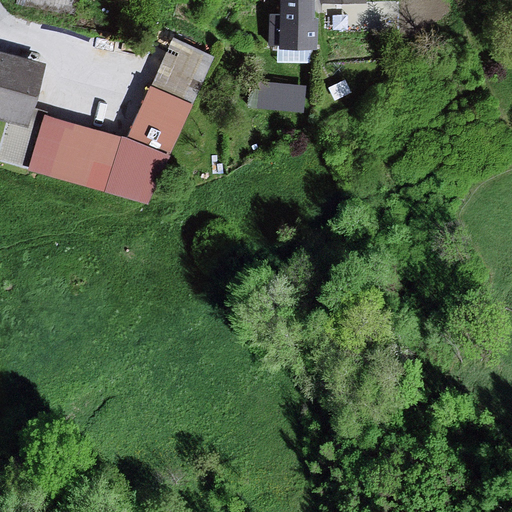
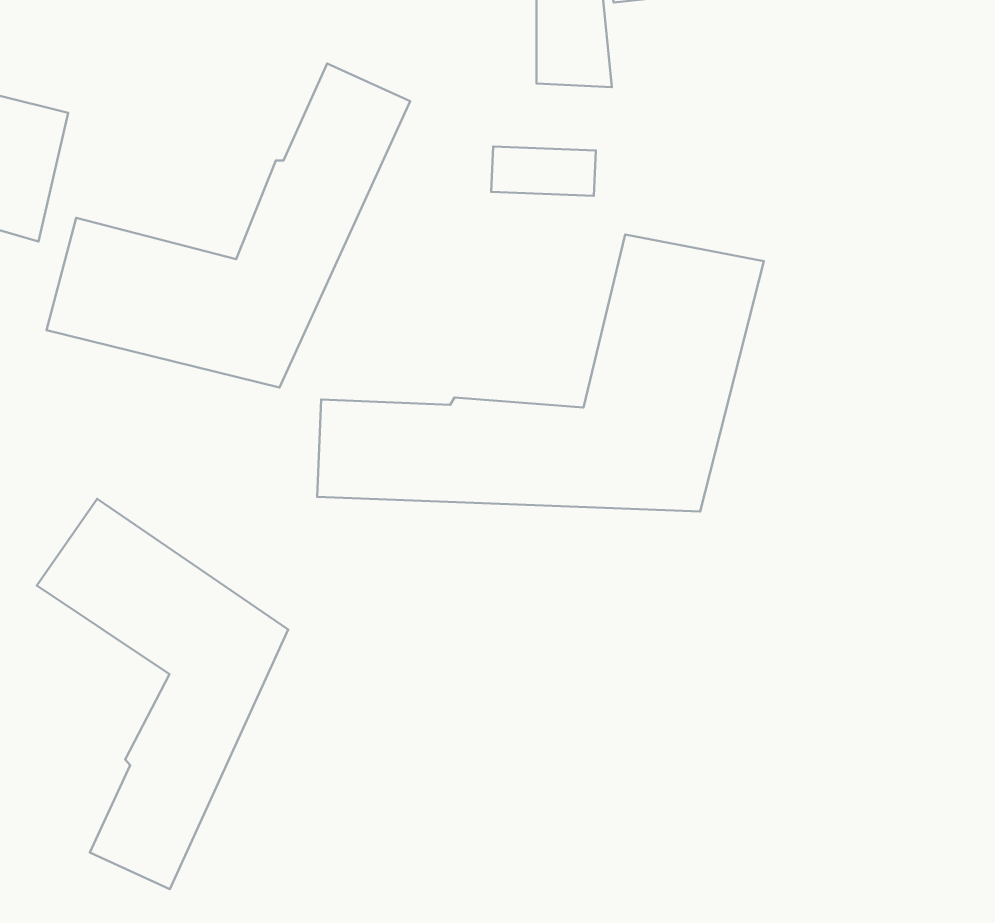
building: none -> [317,235,764,512]
building: none -> [37,499,288,889]

